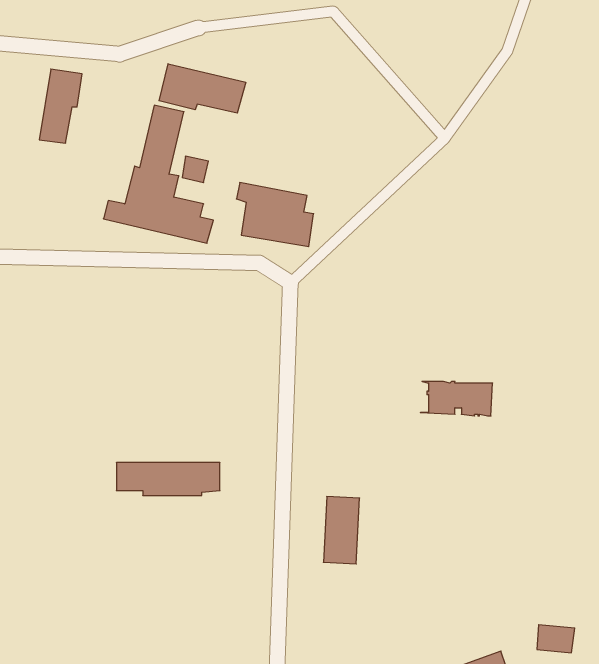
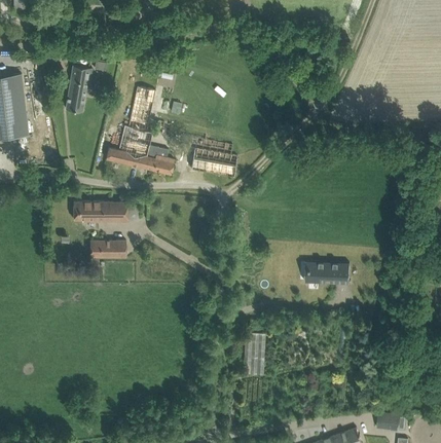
building: [159,64,246,113] -> none
building: none -> [89,241,125,257]
building: [116,463,220,495] -> [73,201,138,222]

